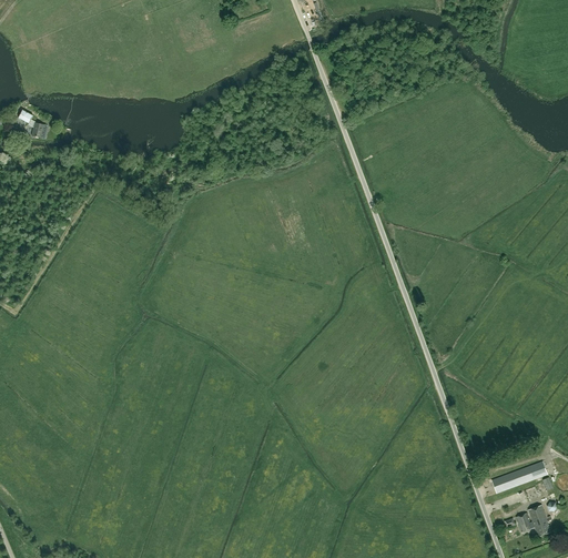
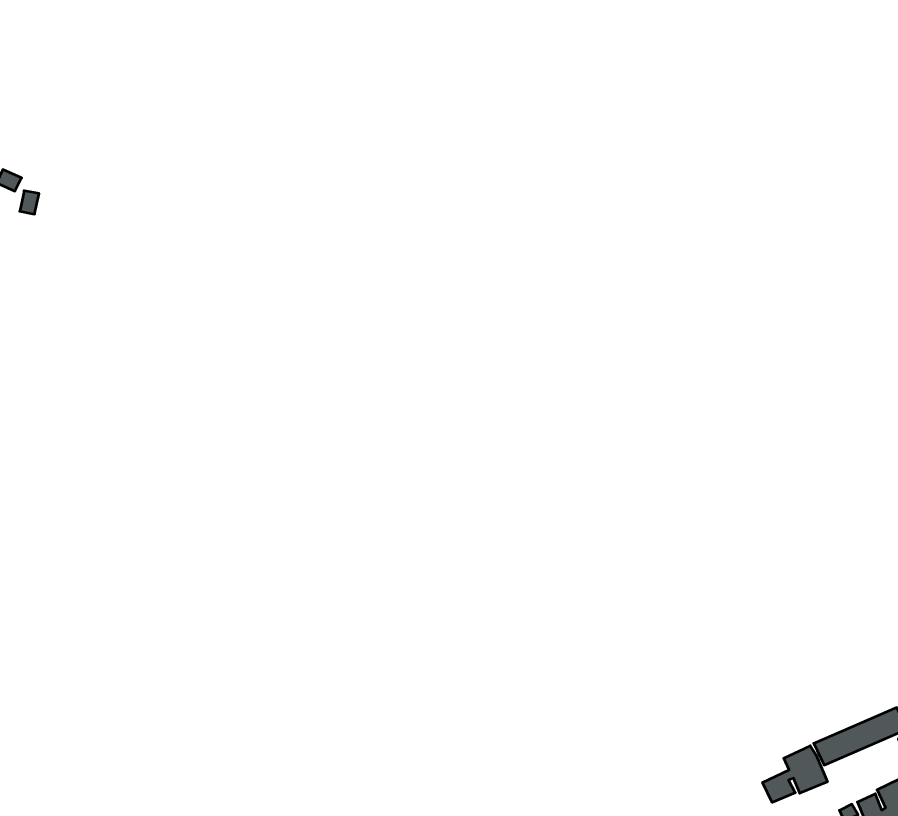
building: none -> [763,746,827,802]

